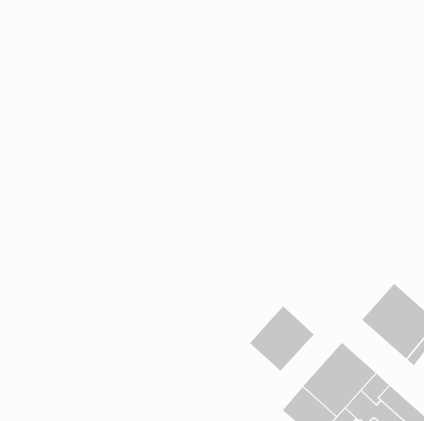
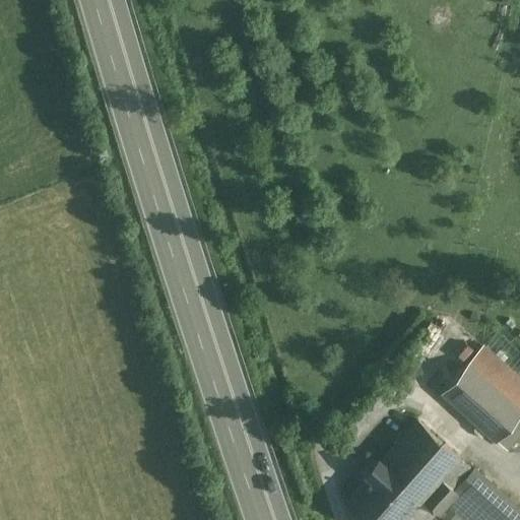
building: [249,306,315,372] -> none

